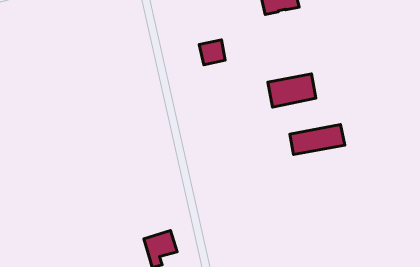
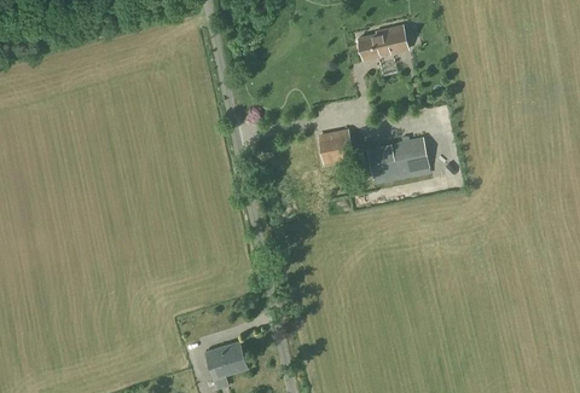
building: [199,40,225,65] -> [318,132,352,164]
building: [290,124,345,154] -> none

